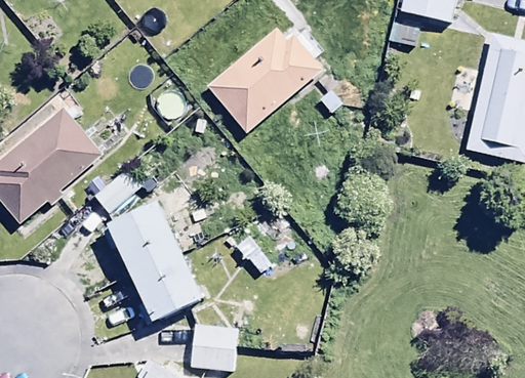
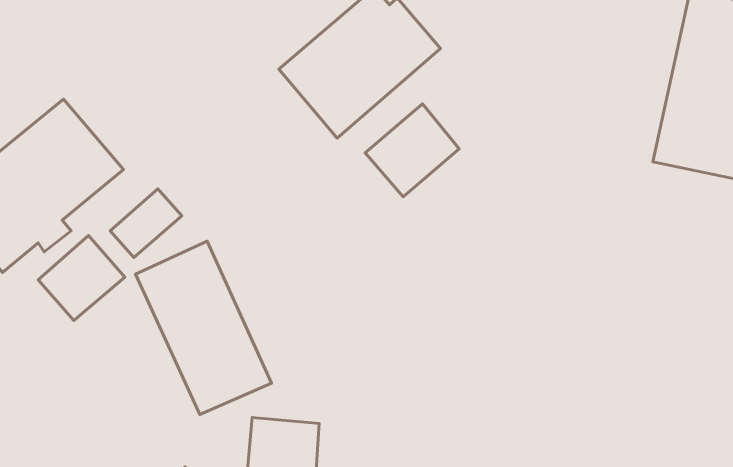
building: none -> [365,104,459,197]
building: none -> [38,235,125,320]

